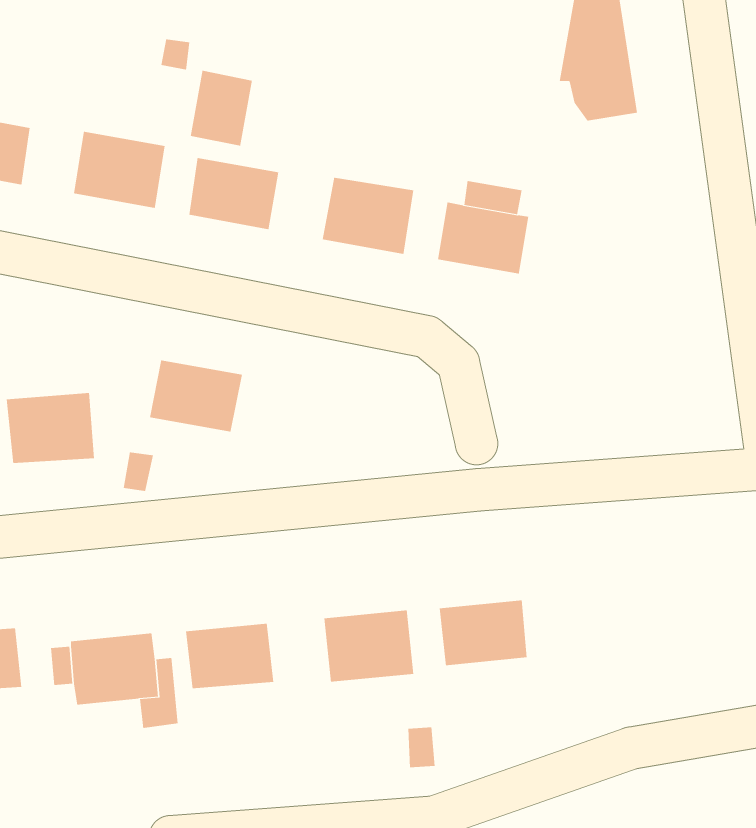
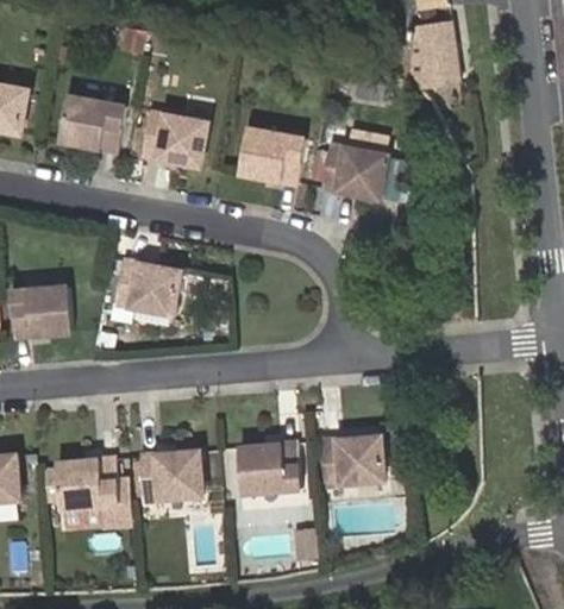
building: [190,70,253,147] -> none

